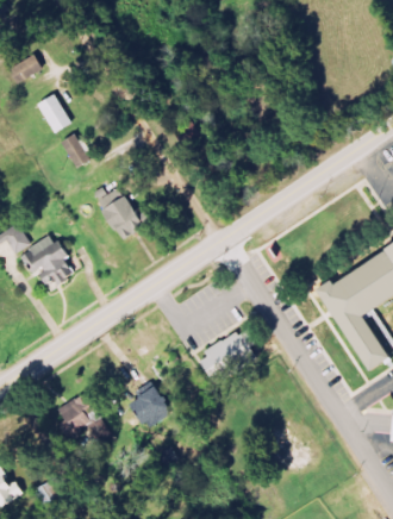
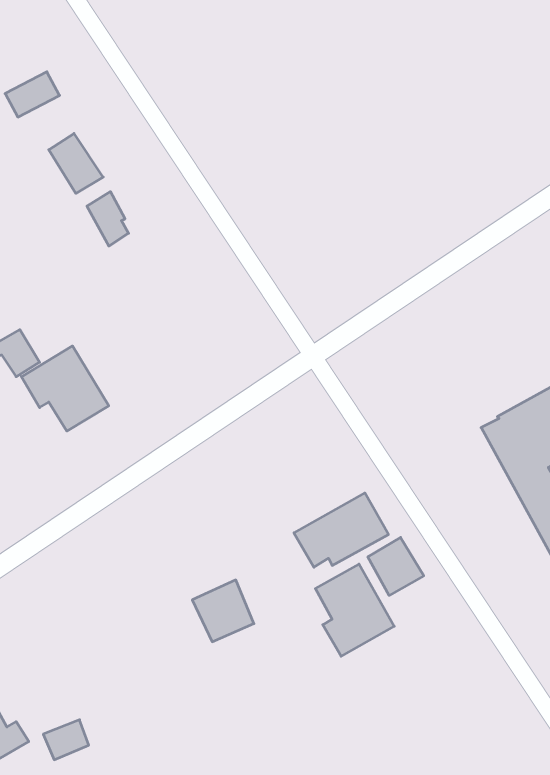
building: [95,186,144,240] -> none
building: none -> [368,537,424,595]
building: none -> [315,564,394,656]
building: [57,393,108,444] -> none

